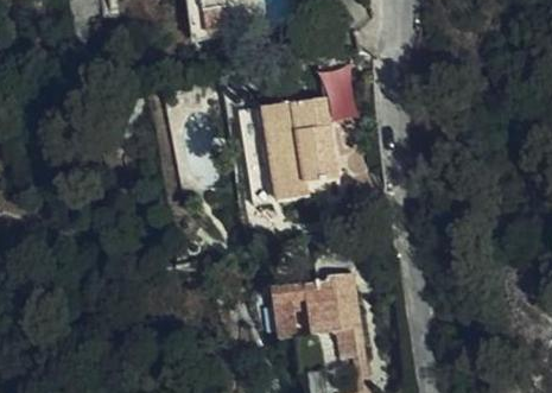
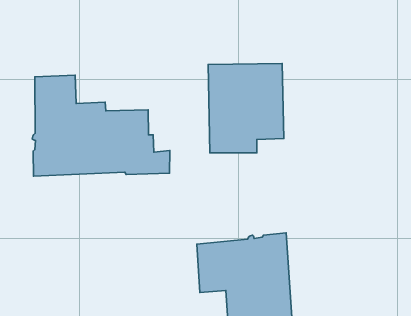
building: none -> [32,75,170,176]

